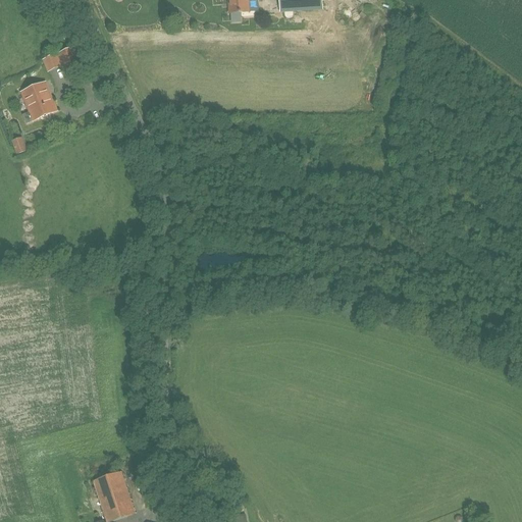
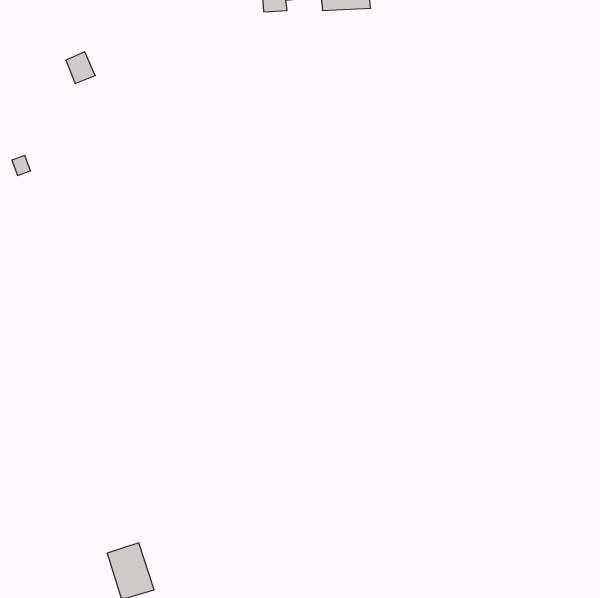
building: [20,81,56,118] -> none

